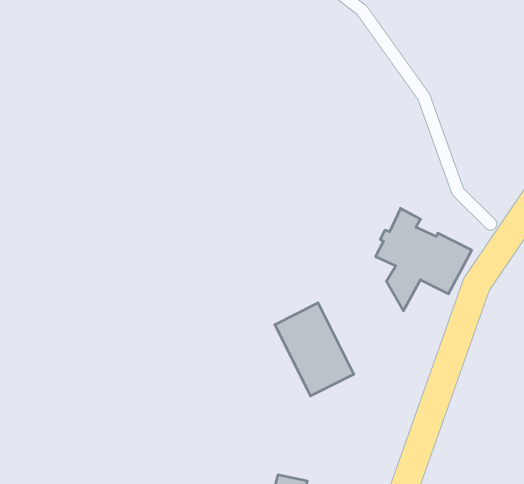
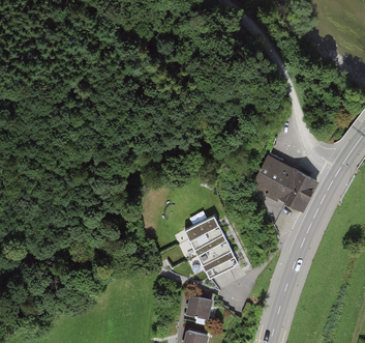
building: none -> [186,292,212,324]

